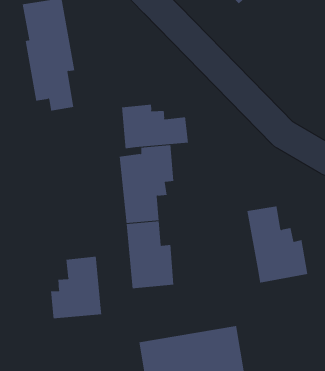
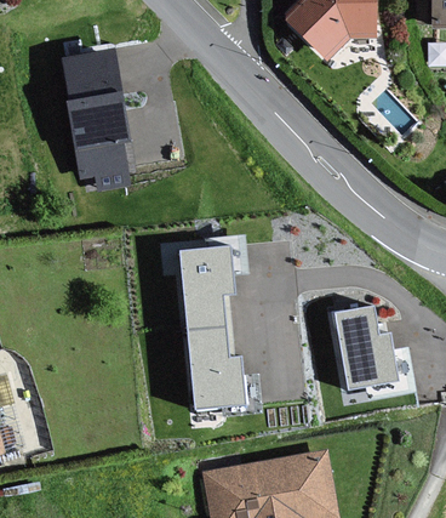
building: [121,104,188,149] -> none
building: [50,256,102,319] -> none

